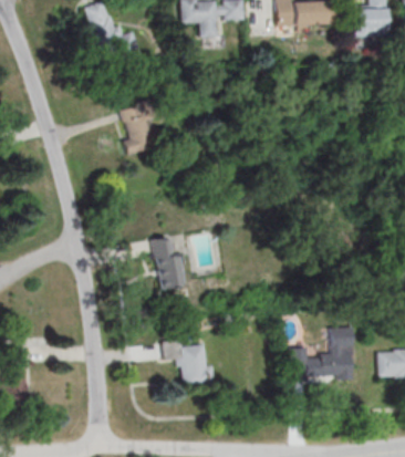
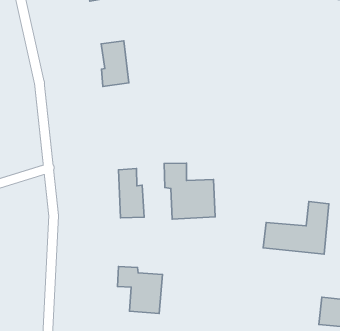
building: none -> [164,163,215,219]
building: [290,328,354,381] -> [263,202,329,254]

